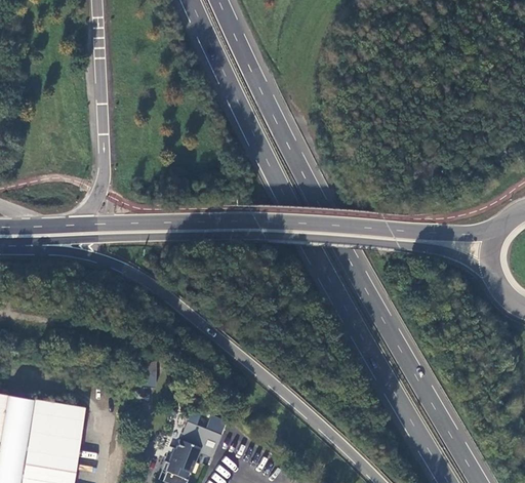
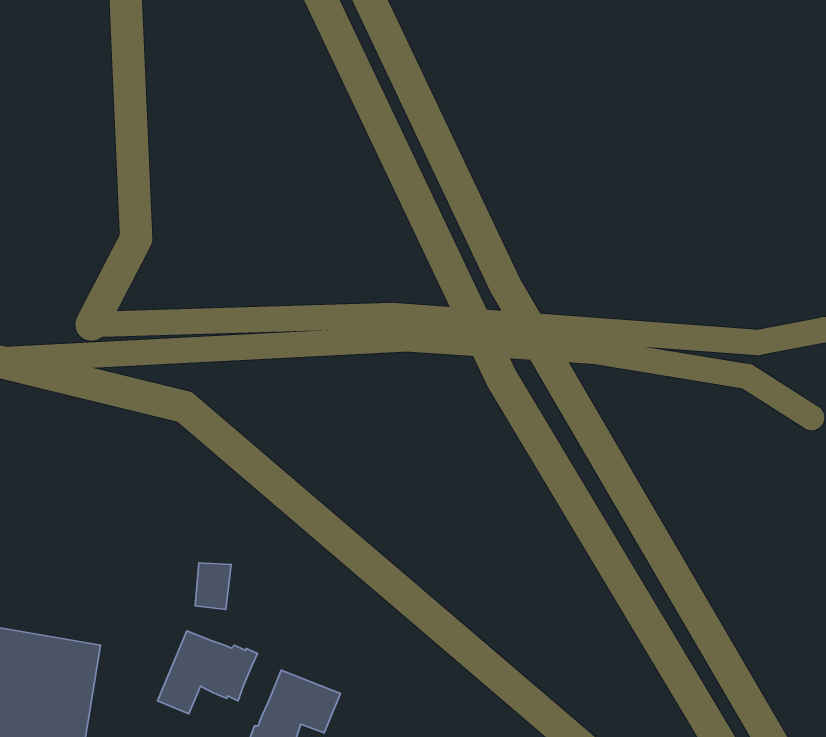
building: none -> [158,631,258,714]

